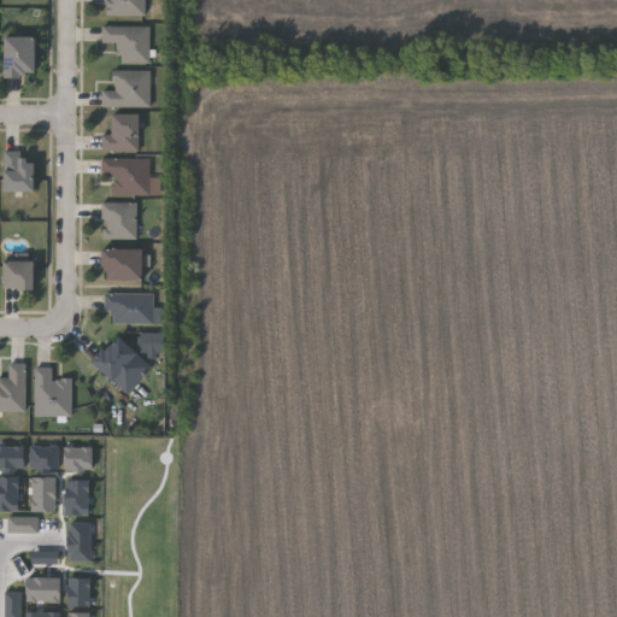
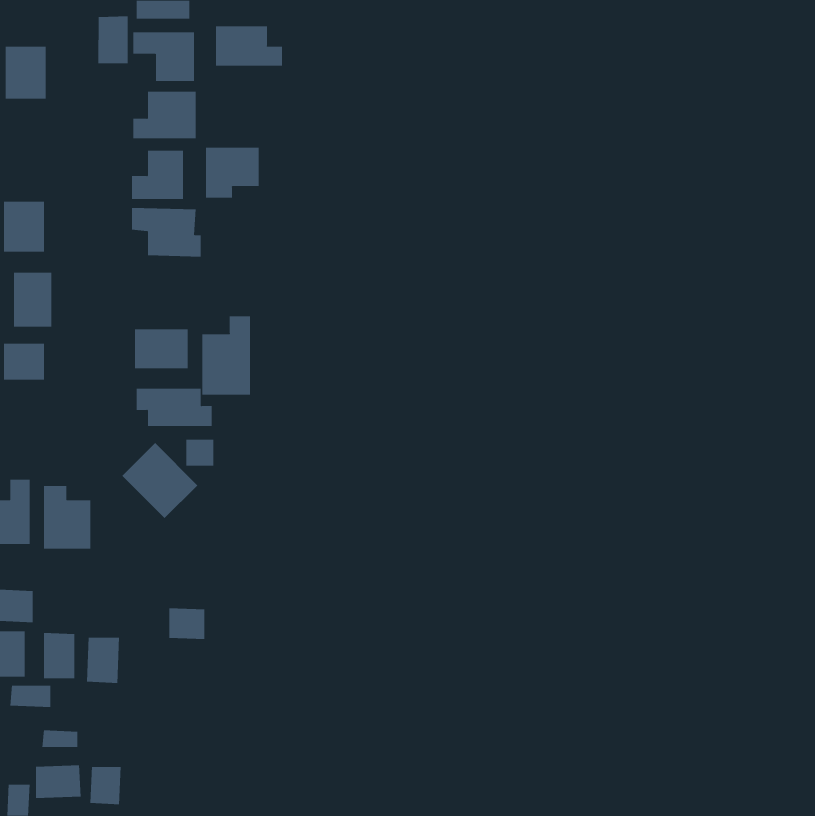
building: none -> [98,15,128,64]
building: none -> [216,25,283,67]
building: none -> [206,147,259,198]
building: [100,201,134,237] -> none
building: none -> [13,272,52,327]
building: none -> [202,316,250,396]
building: [30,446,59,470] -> none
building: [65,447,93,471] -> [168,608,205,640]
building: [69,522,93,563] -> none

